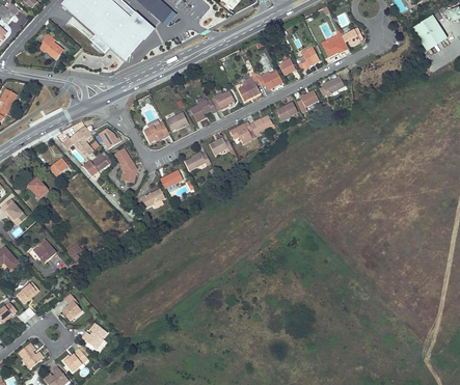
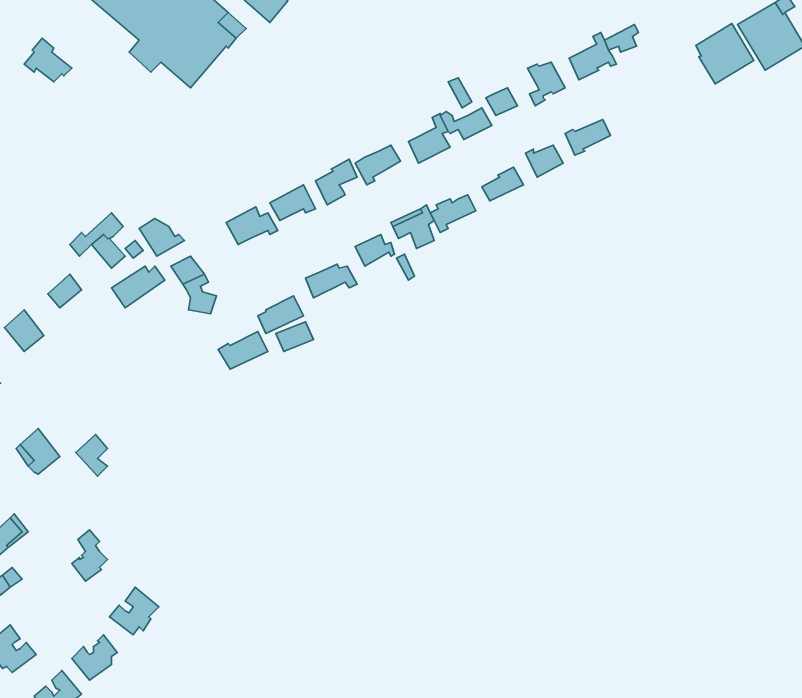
building: none -> [696,24,754,84]

